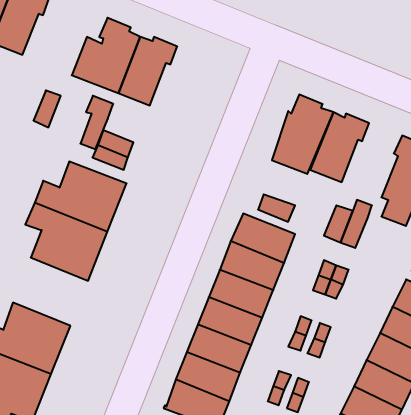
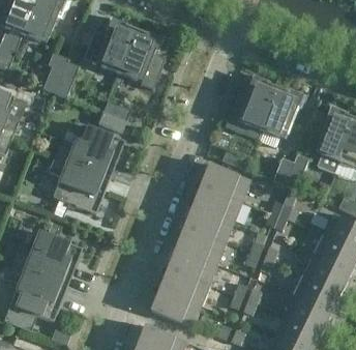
building: [80,96,113,149] -> [41,52,66,92]

